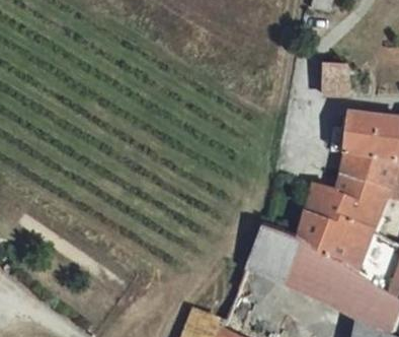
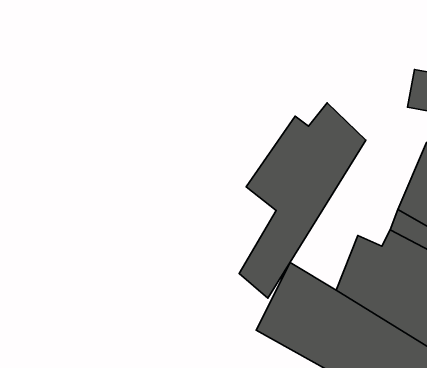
building: none -> [239,103,366,298]

